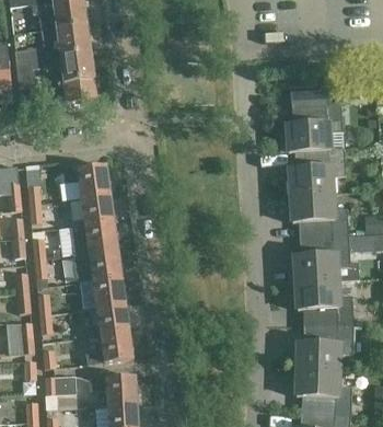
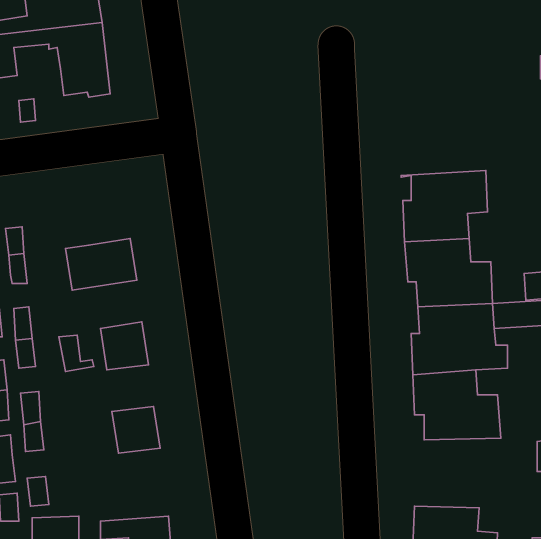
building: [287,104,344,151] -> none
building: [60,165,109,197] -> none
building: [71,220,117,254] -> none
building: [80,276,125,309] -> none
building: [297,324,353,370] -> none
building: [85,331,132,365] -> none

